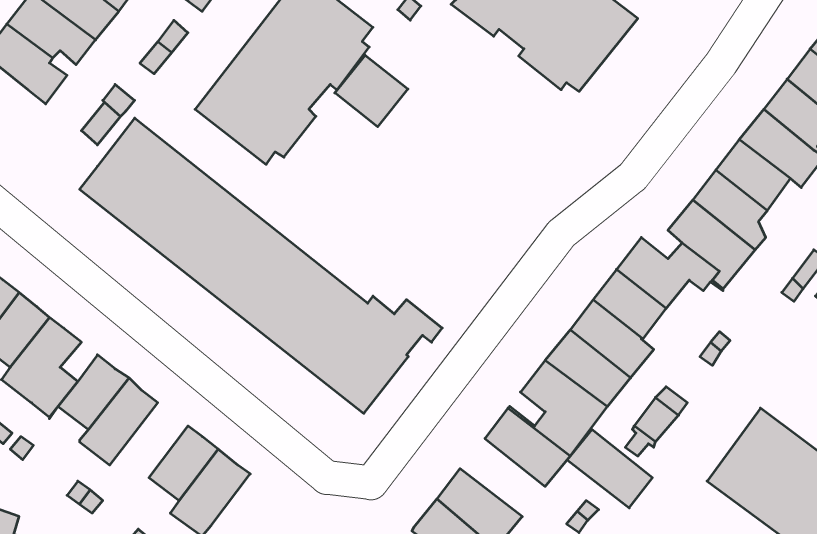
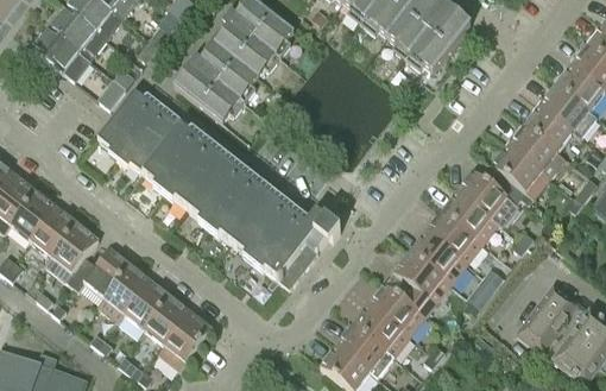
building: [335,55,408,127] -> none
building: none -> [119,279,171,329]
building: [567,430,652,508] -> [353,303,410,355]

